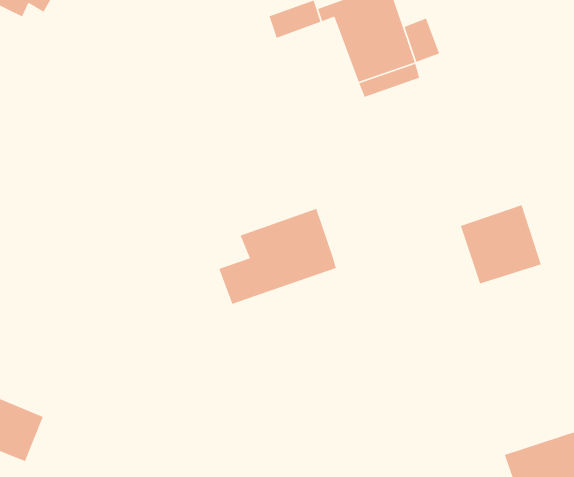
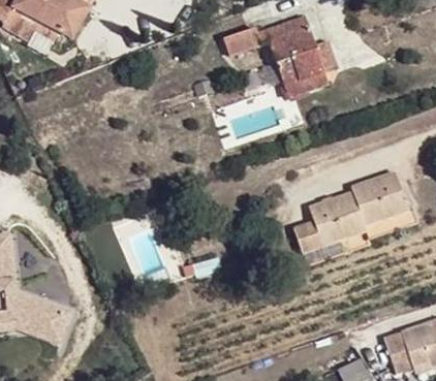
building: [218,208,337,305] -> [287,189,368,255]

